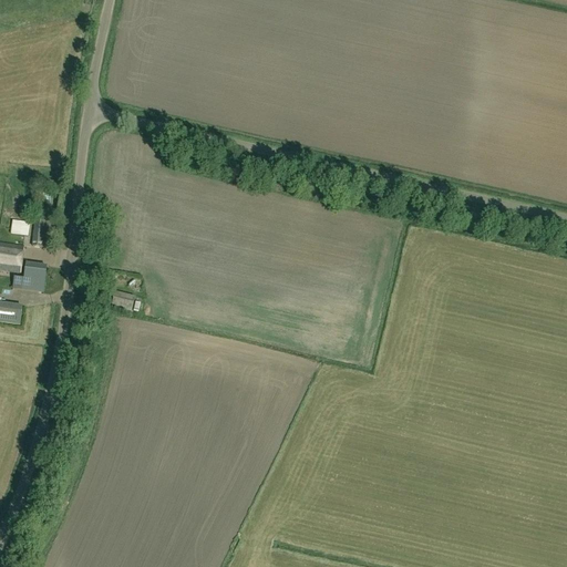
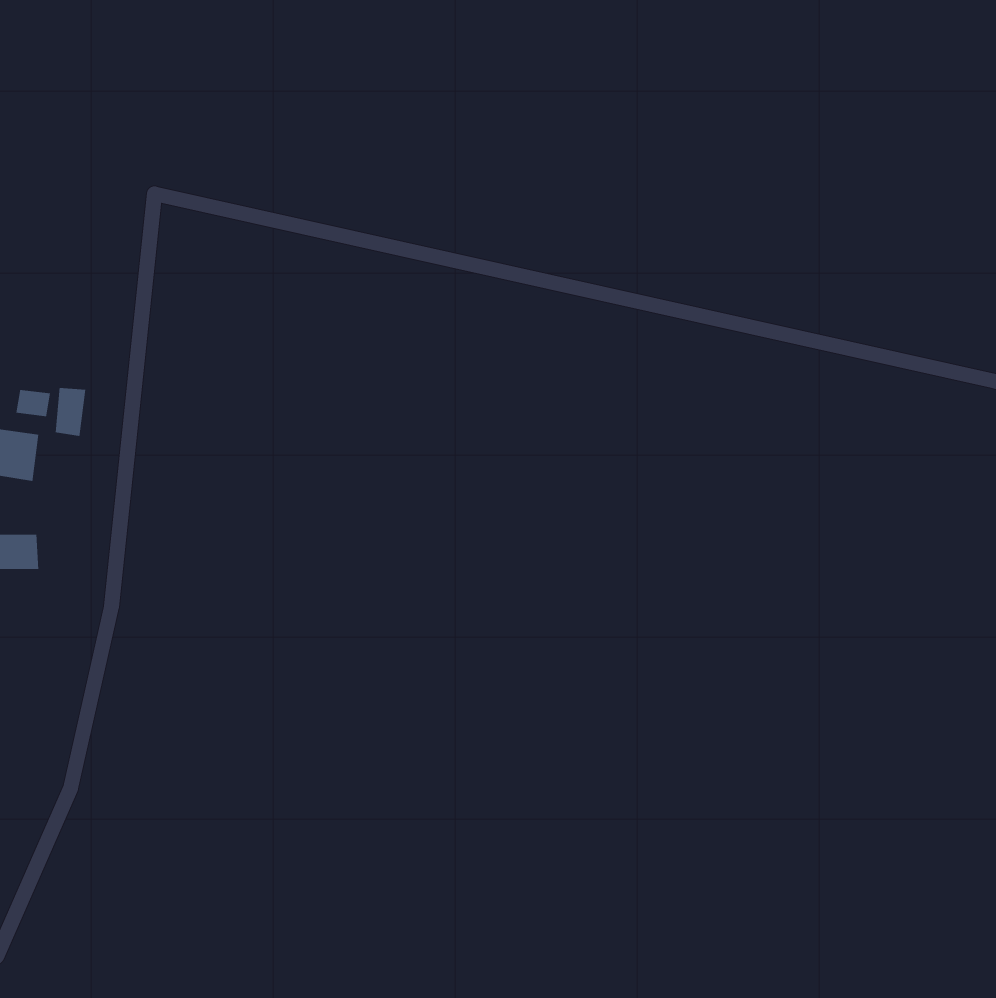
building: [10,262,44,291] -> none

